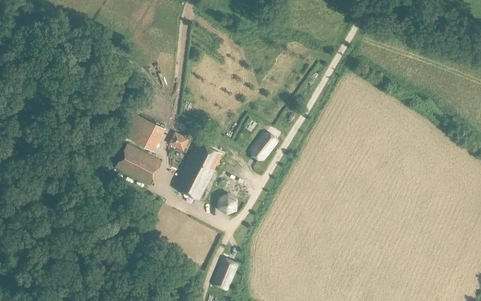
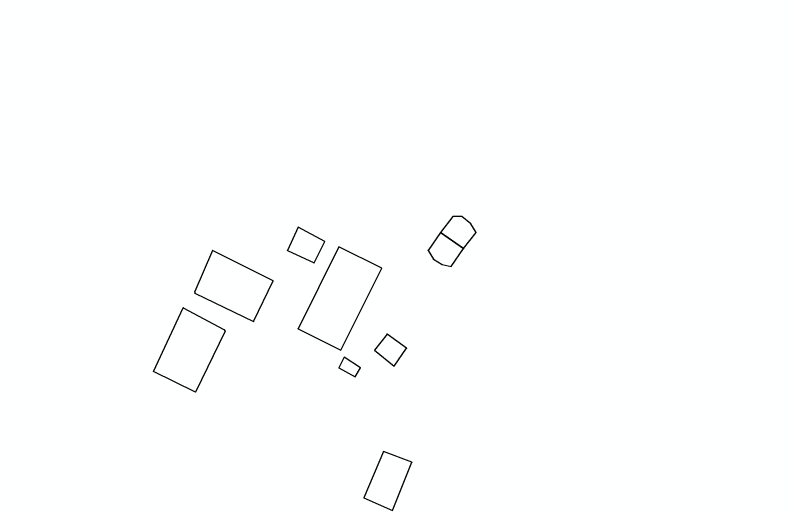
building: [122,113,164,151] -> none
building: none -> [153,308,225,392]

